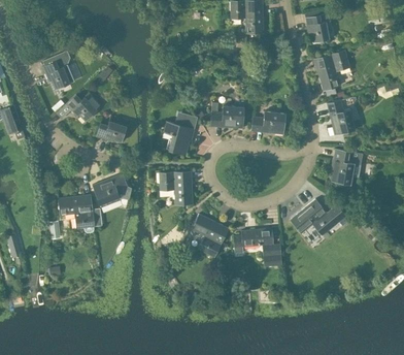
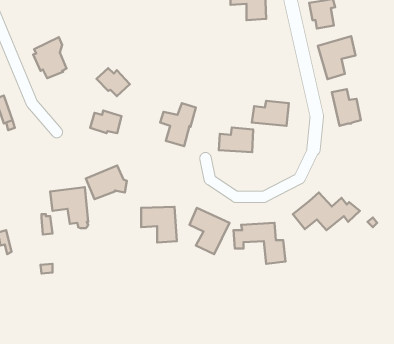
building: [65,95,97,122] -> [96,68,130,96]
building: [210,105,243,129] -> [219,127,253,152]
building: [329,149,363,185] -> none
building: [159,171,193,205] -> [141,207,177,242]

